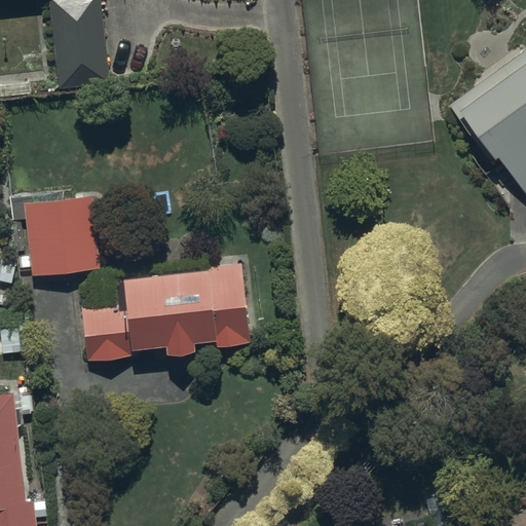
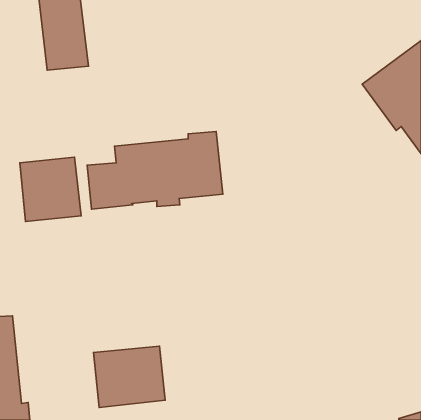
building: [82,263,251,360] -> [87,131,223,209]
building: none -> [94,346,165,407]

